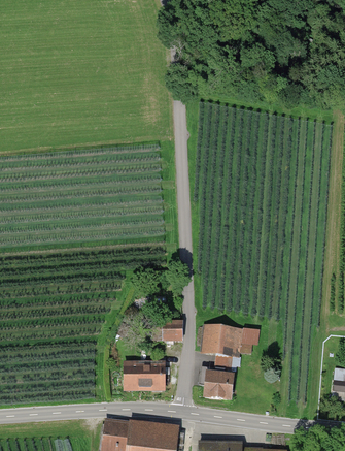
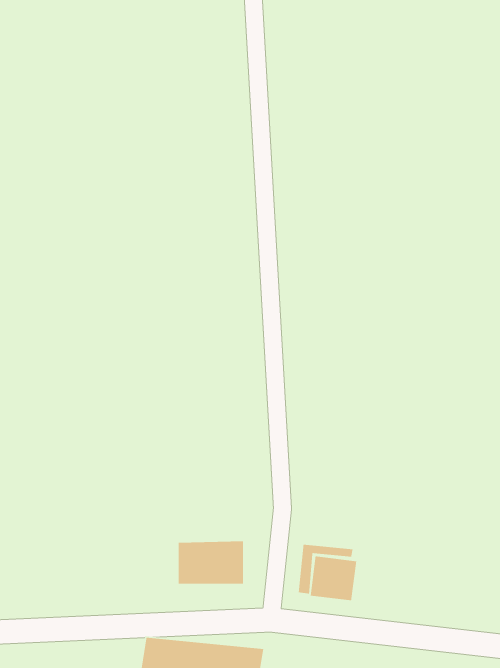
building: [163,321,183,341] -> none
building: [201,324,258,357] -> none

